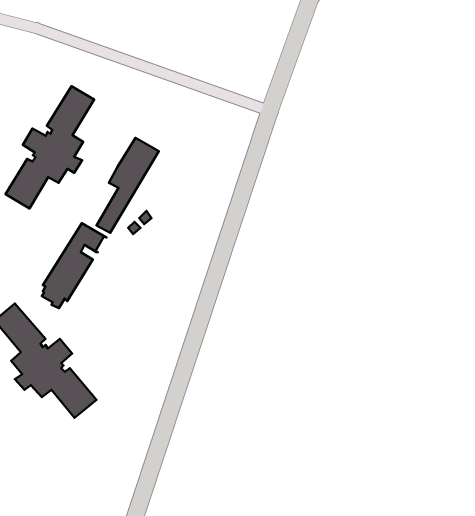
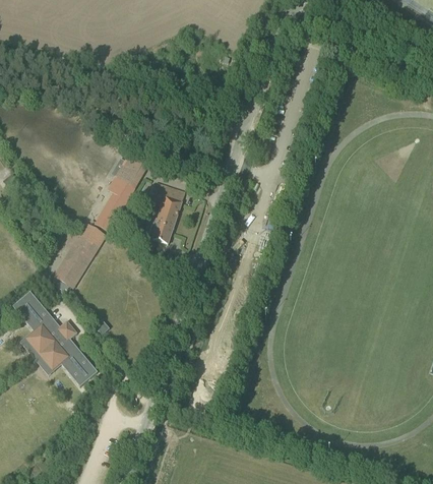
building: [6,86,94,209] -> none
building: none -> [149,181,185,244]

